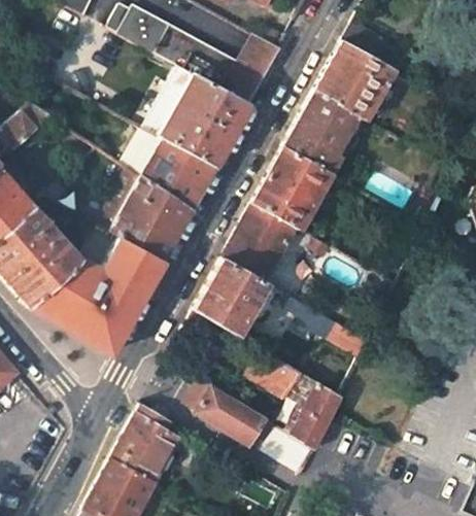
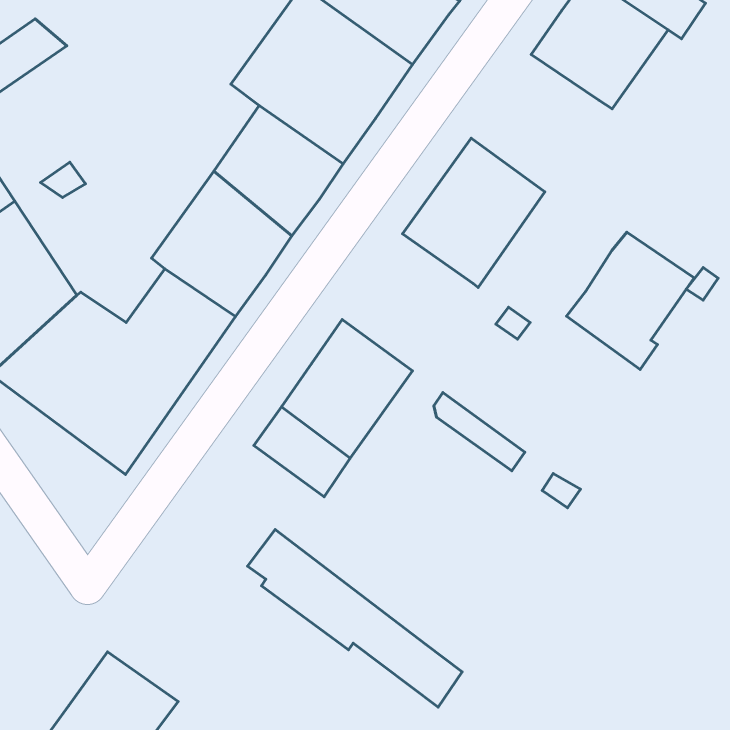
building: [286,92,356,169] -> [567,232,694,370]
building: [123,126,164,178] -> none
building: [225,202,297,279] -> none
building: [249,347,342,447] -> none
building: [112,404,181,482] -> none

